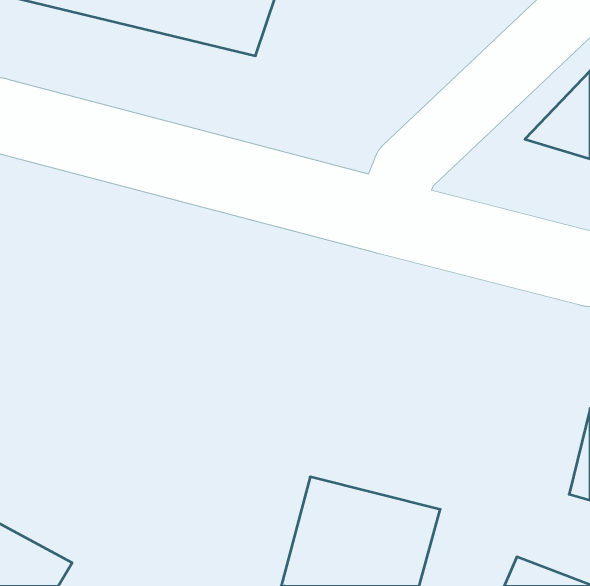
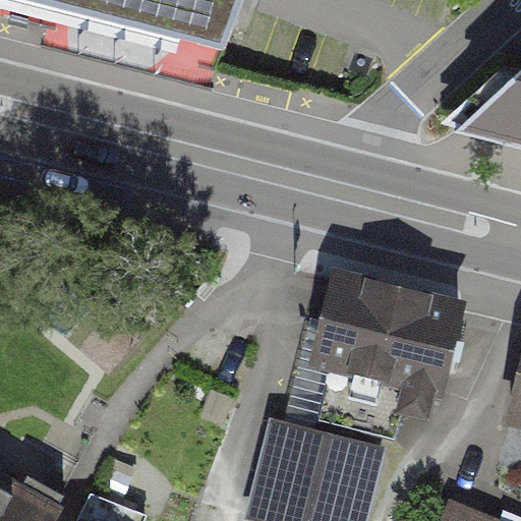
building: none -> [313,277,459,401]

